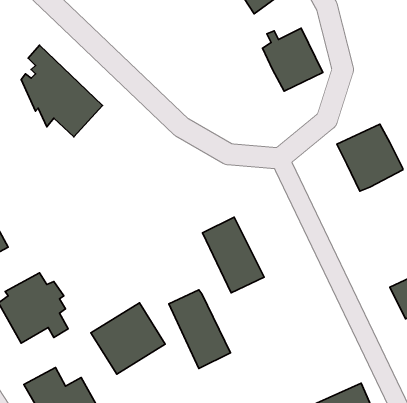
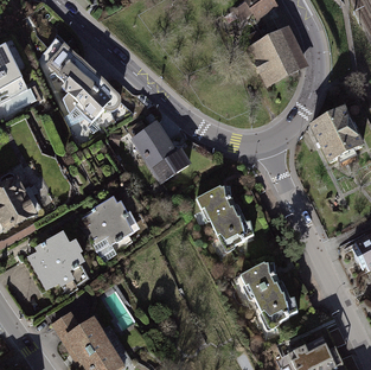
building: none -> [133,120,187,178]
building: [169,290,230,368] -> [241,263,292,328]
building: [91,303,165,374] -> [78,196,140,255]

